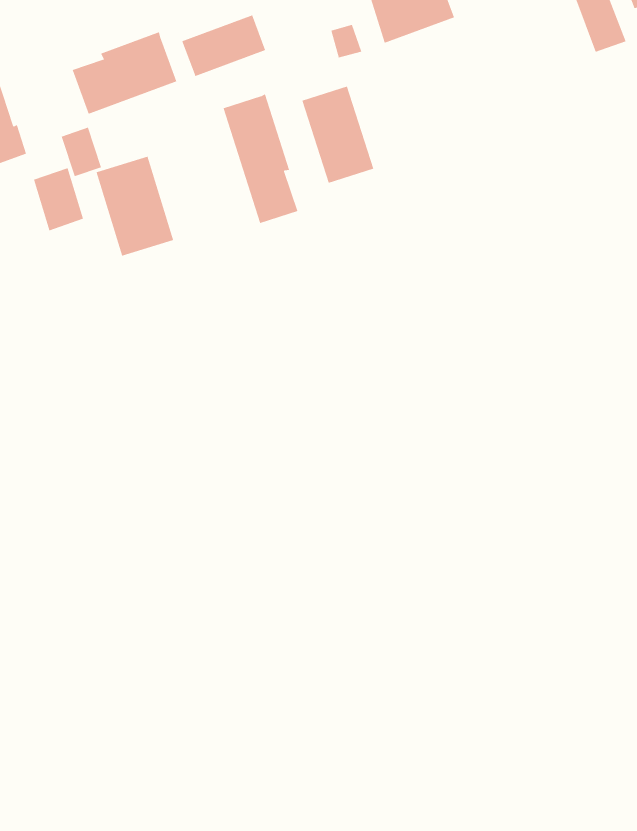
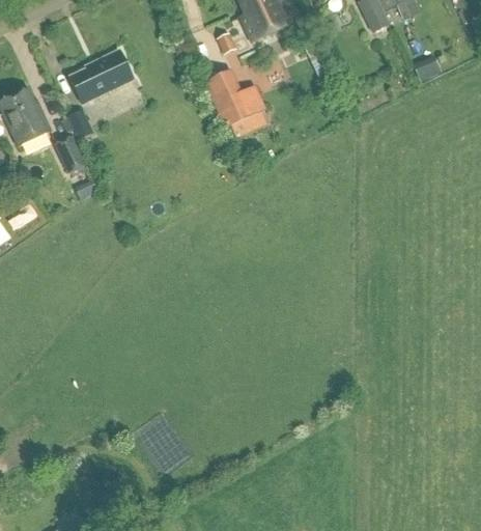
building: [182,15,266,77] -> none
building: [223,93,298,224] -> none
building: [96,156,174,257] -> none

